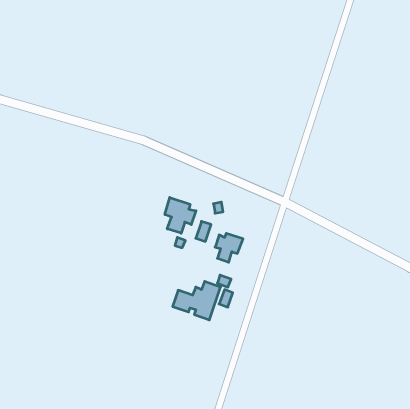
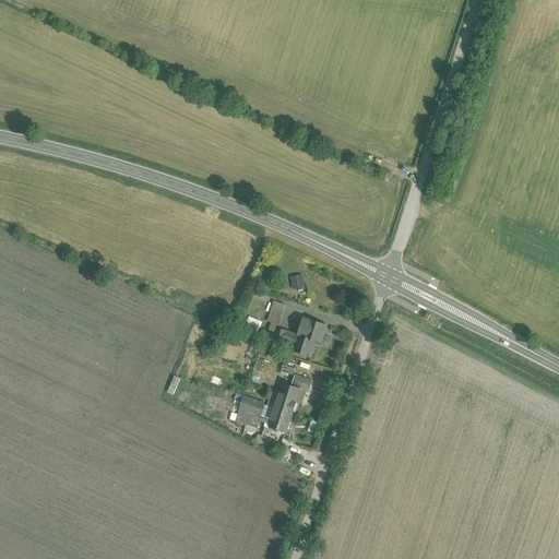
building: [165,197,196,233] -> none

